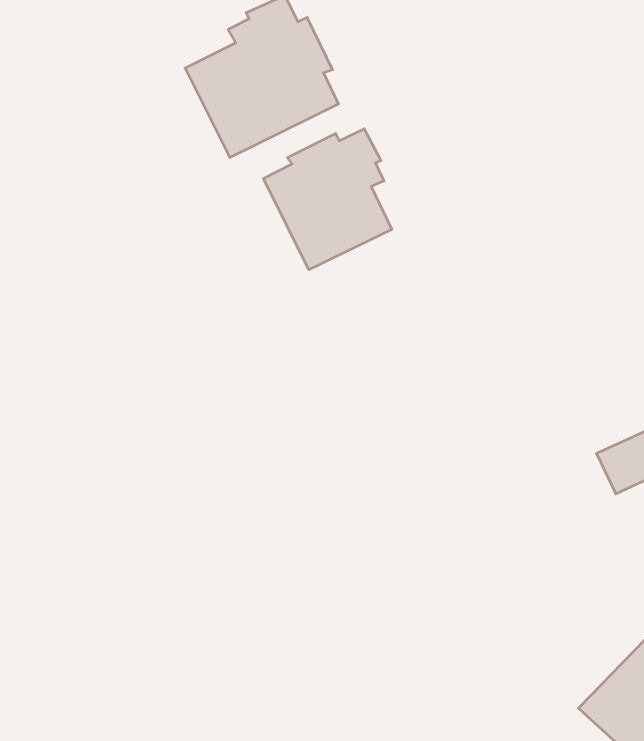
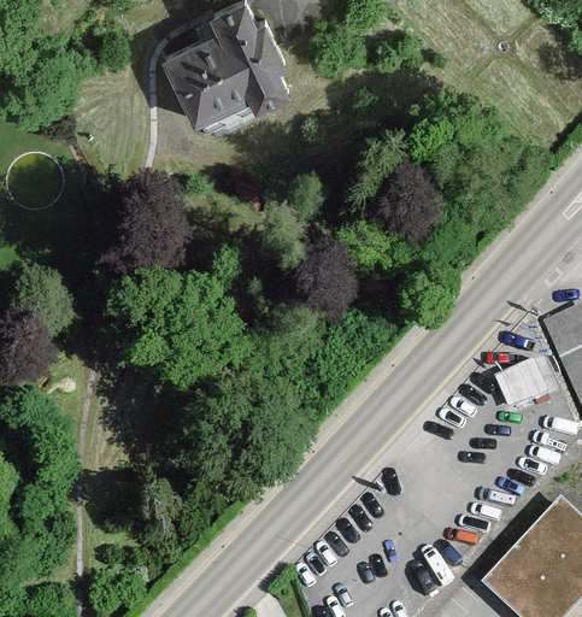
building: [264,129,392,270] -> none

